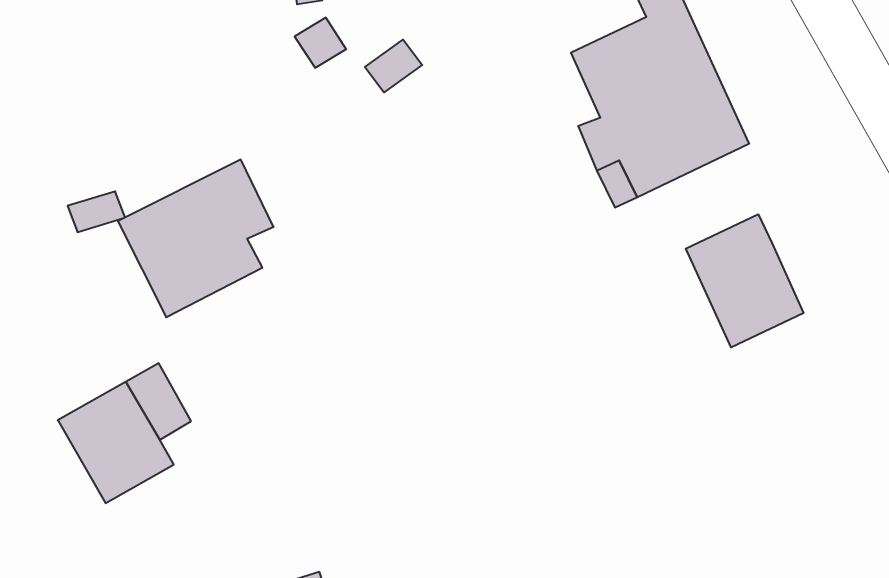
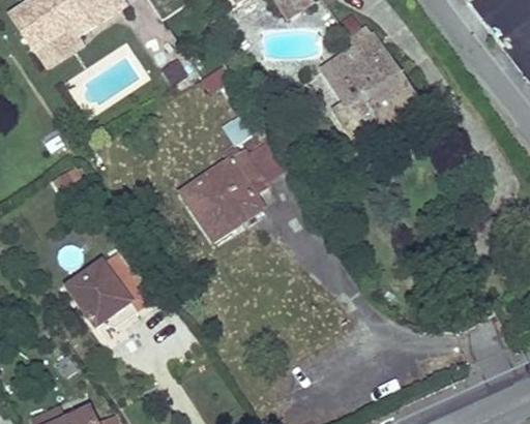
building: [118,160,274,317] -> [180,137,265,228]
building: [686,214,804,347] -> none

